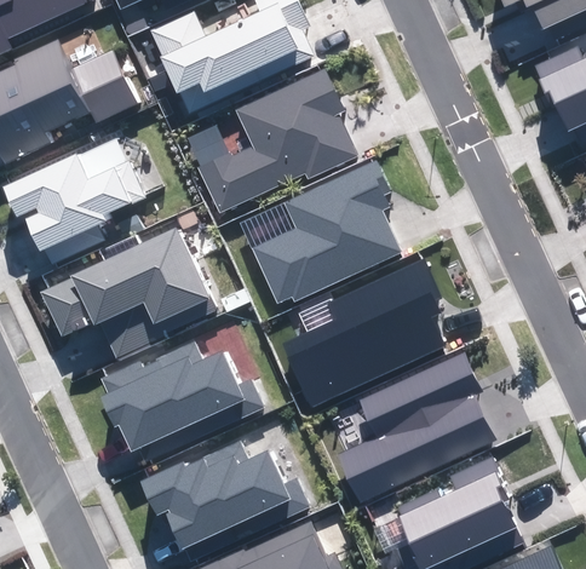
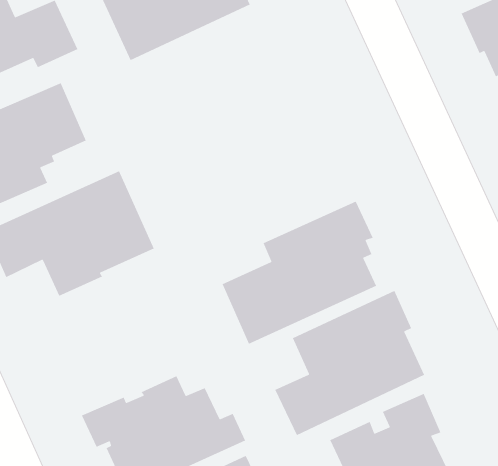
building: [199,67,357,211] -> none
building: [251,159,401,303] -> none
building: [98,340,263,460] -> none

